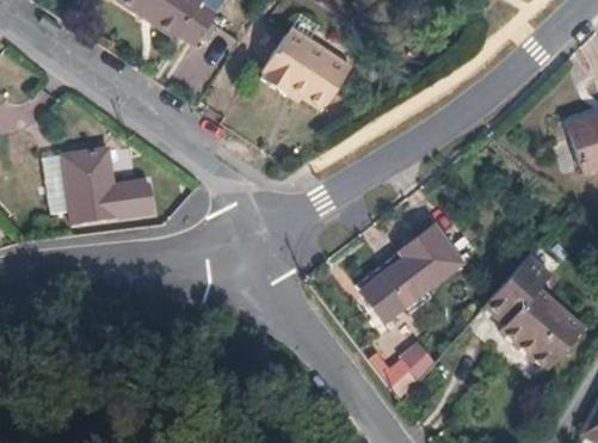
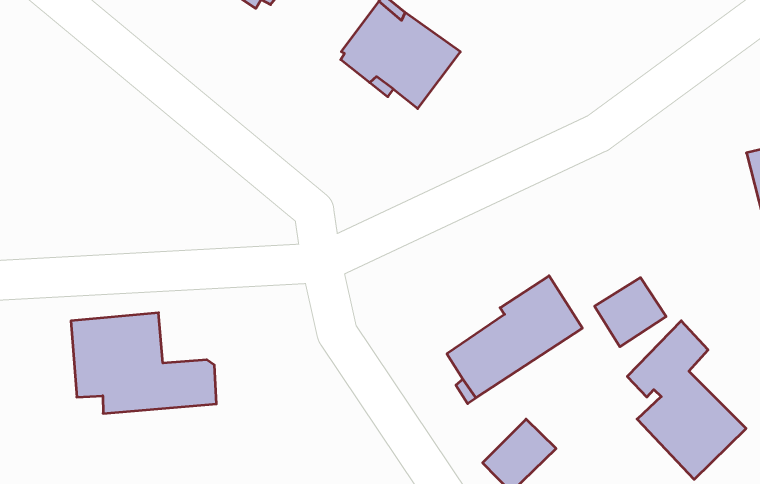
building: [47,146,159,223] -> [71,313,216,413]
building: none -> [595,278,666,347]

